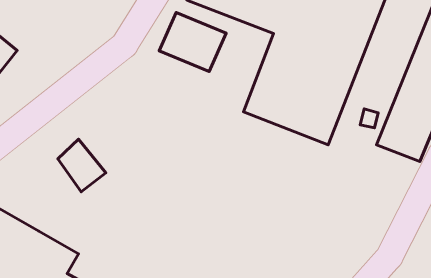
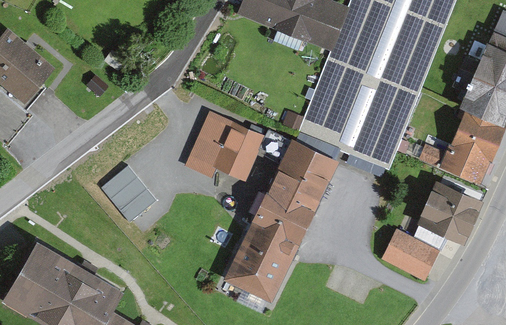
building: [159,12,226,72] -> [191,118,262,181]
building: none -> [223,137,339,301]
building: none -> [376,185,482,287]

